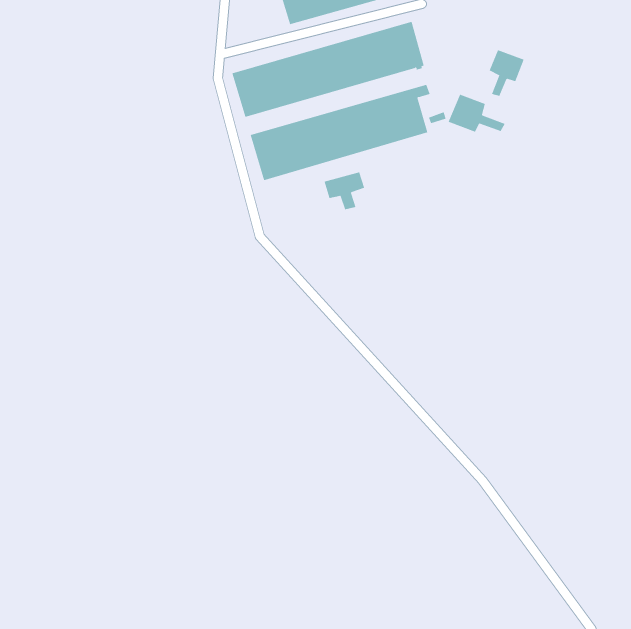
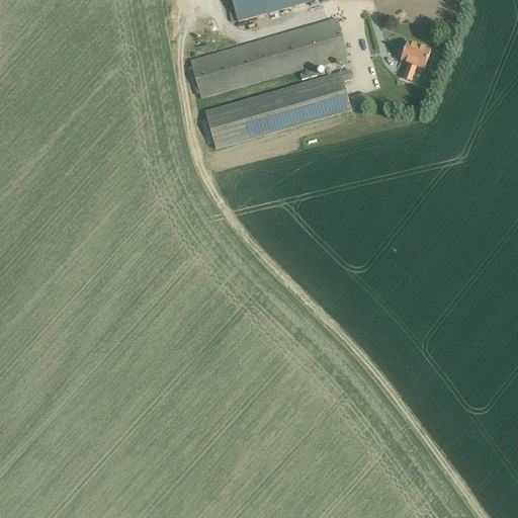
building: [448,94,505,133] -> none
building: [324,172,365,210] -> none

